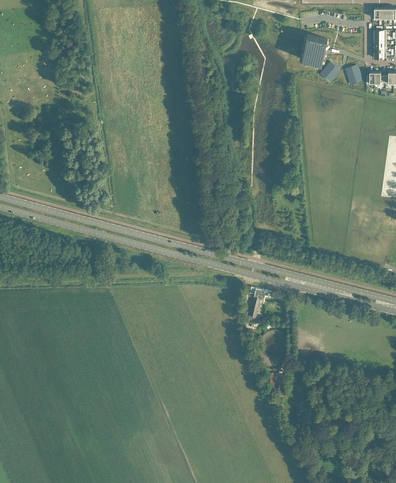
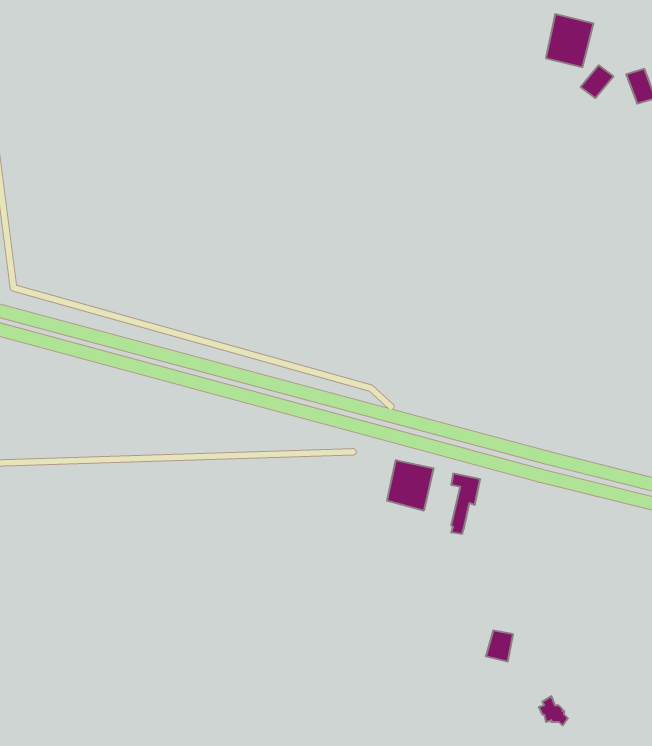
building: none -> [387,460,433,511]

